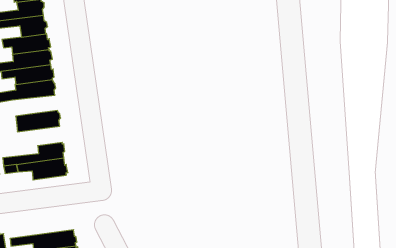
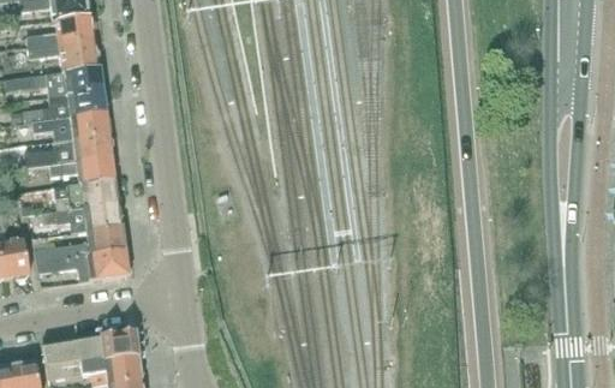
building: none -> [48,157,115,185]
building: none -> [41,203,123,232]
building: none -> [41,332,138,369]

